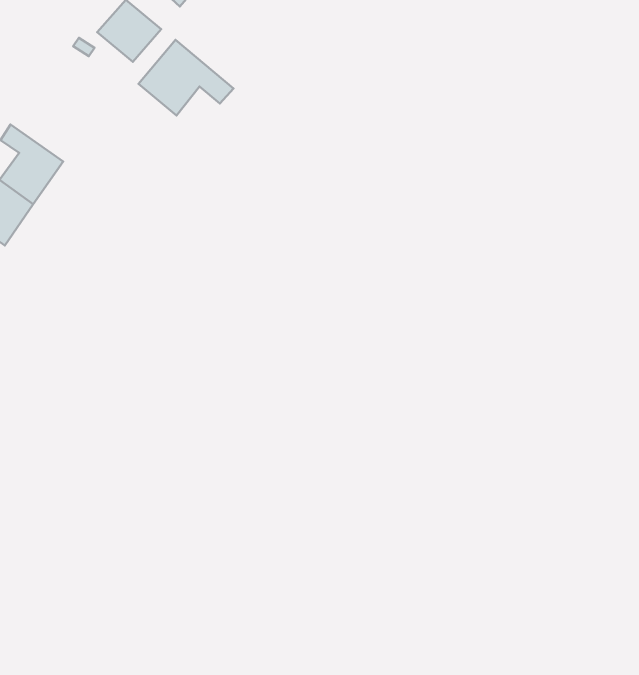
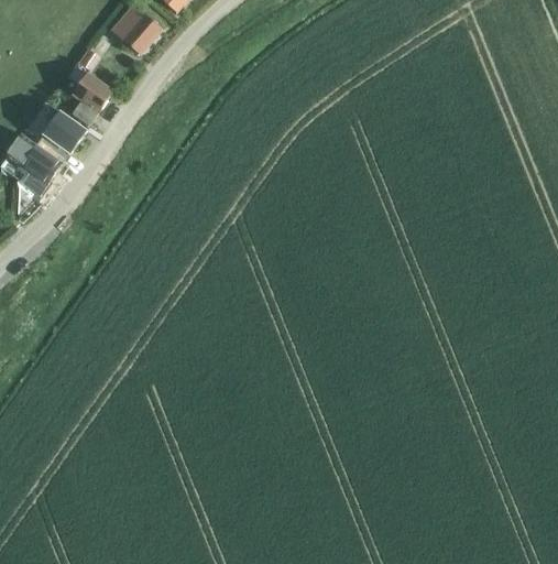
building: [138,40,234,115] -> none
building: none -> [69,62,112,124]

